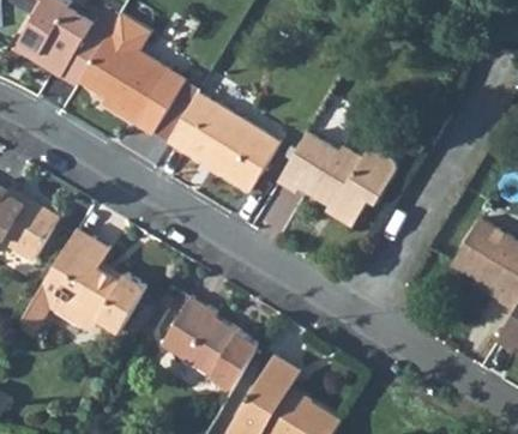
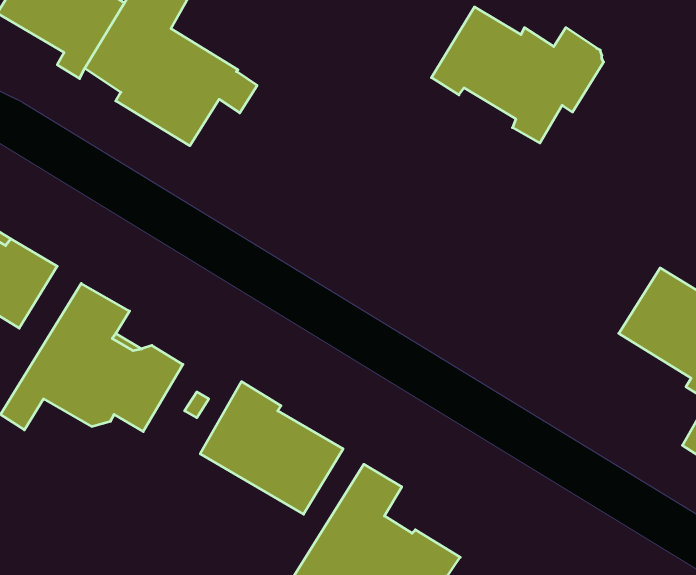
building: [167,91,279,192] -> none
building: [276,132,396,227] -> [431,7,604,143]

